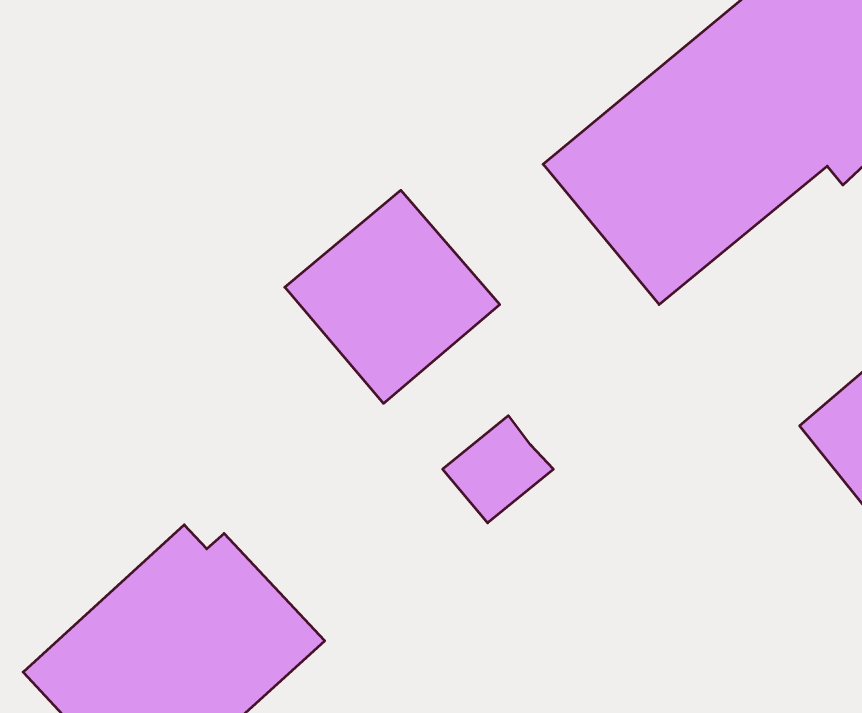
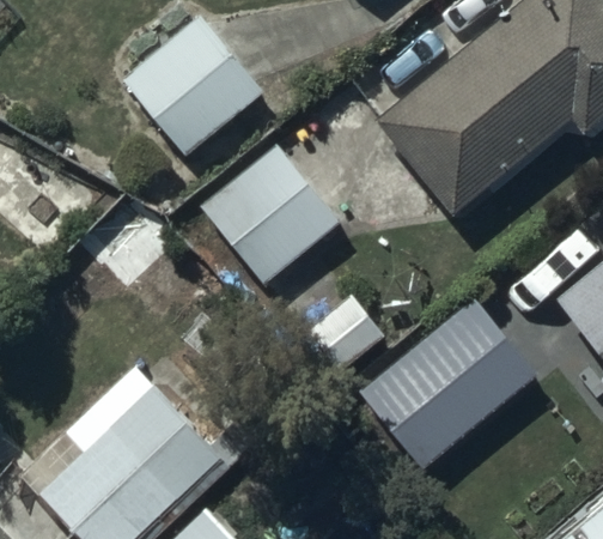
building: none -> [122,17,261,156]
building: none -> [358,299,535,470]

